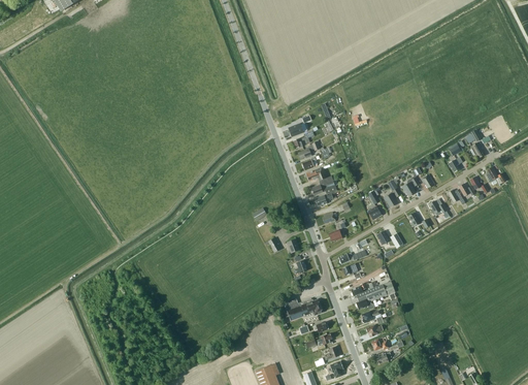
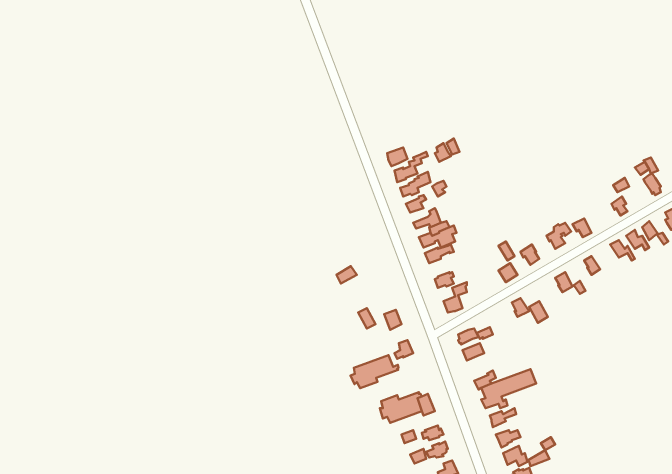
building: none -> [350,355,398,388]

